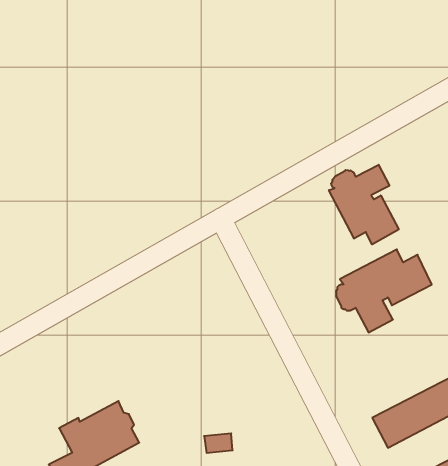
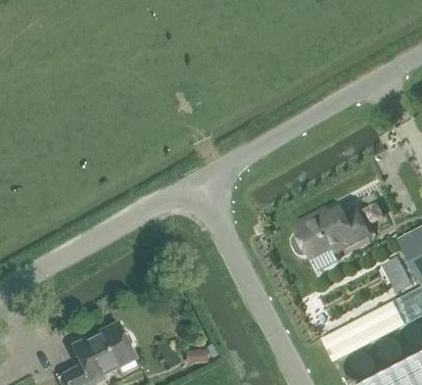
building: [329,165,399,244] -> none

